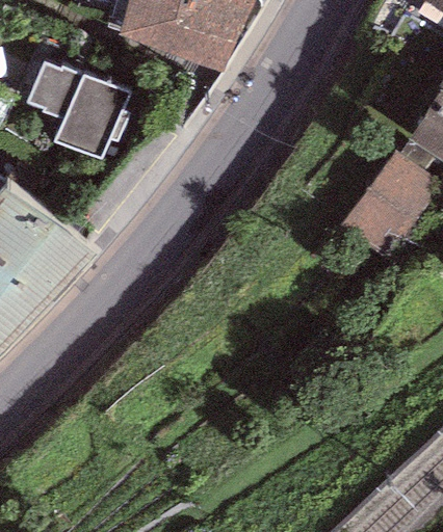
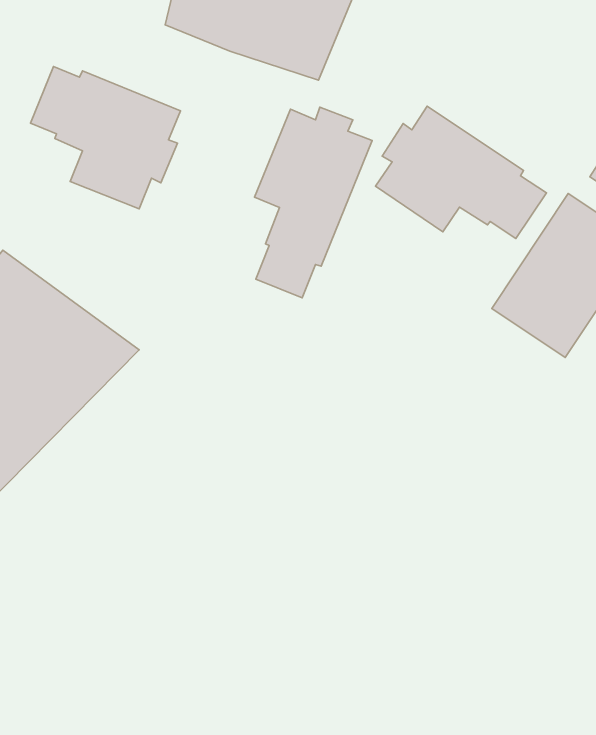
building: none -> [375,106,546,238]
building: none -> [254,107,372,298]

